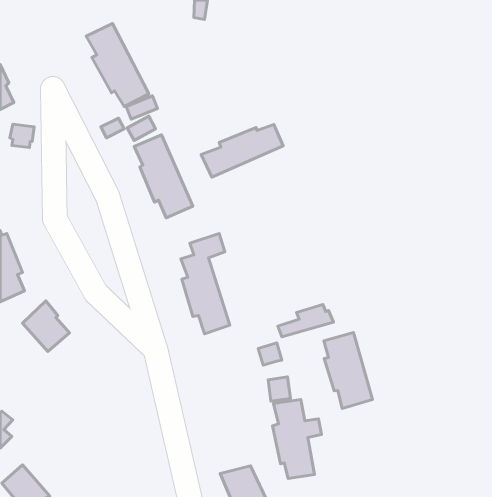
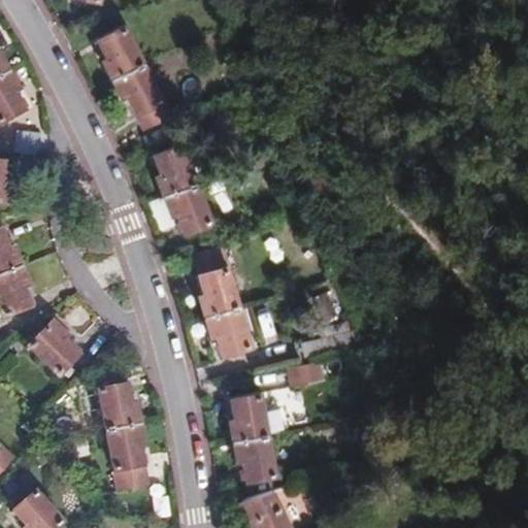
building: [201,124,283,177] -> none
building: [324,333,373,408] -> none
building: none -> [96,388,144,485]
building: [273,399,321,479] -> [231,394,283,477]

